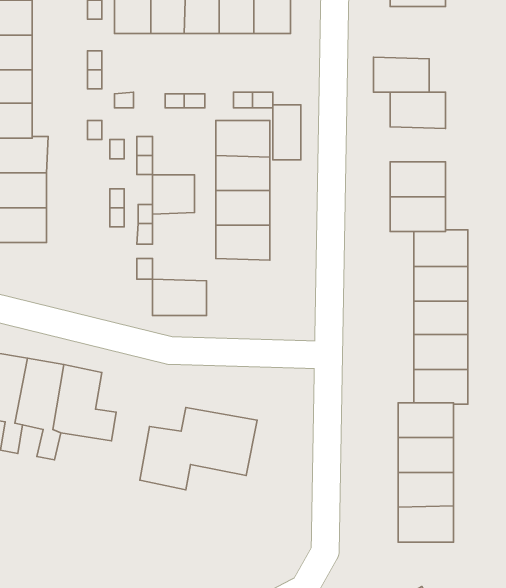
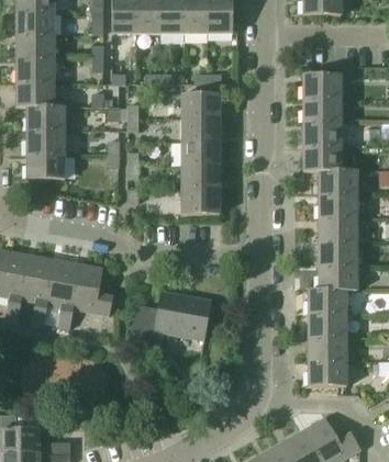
building: [374,57,429,92] -> [303,98,342,122]
building: [273,105,301,160] -> none
building: [153,175,194,214] -> none
building: [153,279,206,316] -> [182,189,220,214]

